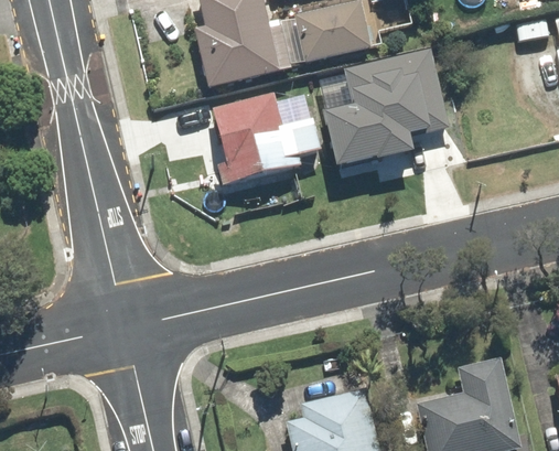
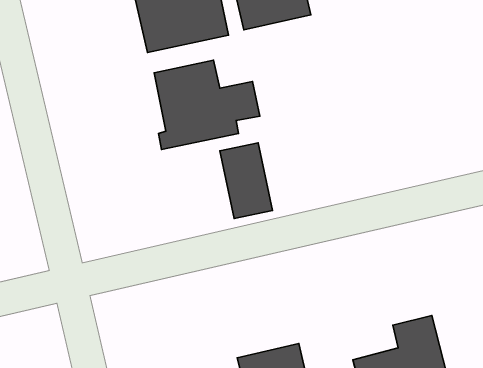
building: [329,50,442,169] -> none
building: none -> [220,143,272,218]

